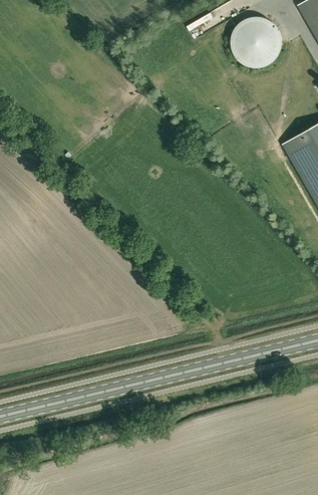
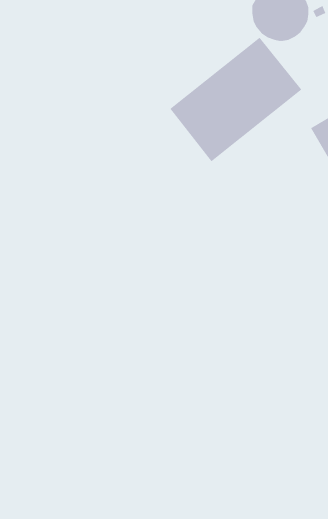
building: none -> [169,37,302,162]

